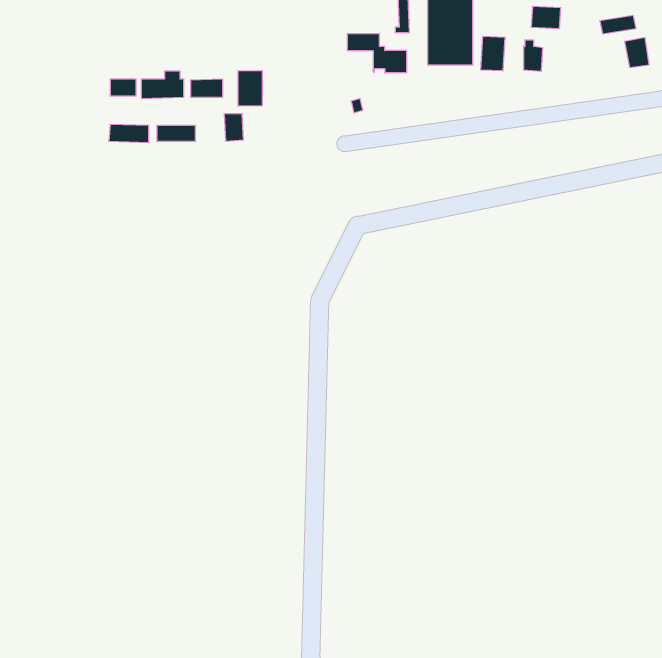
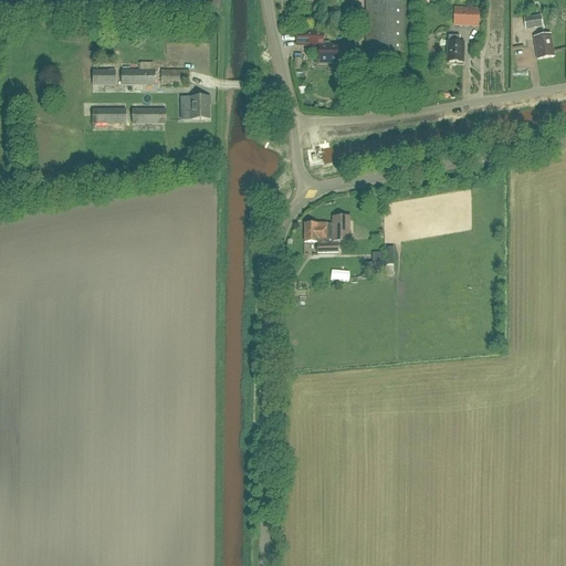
building: [481,36,505,71] -> none
building: [238,70,262,106] -> none
building: none -> [304,218,349,251]

